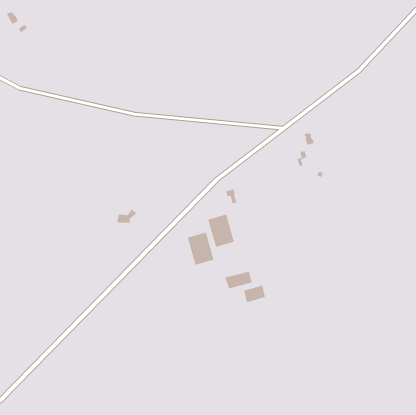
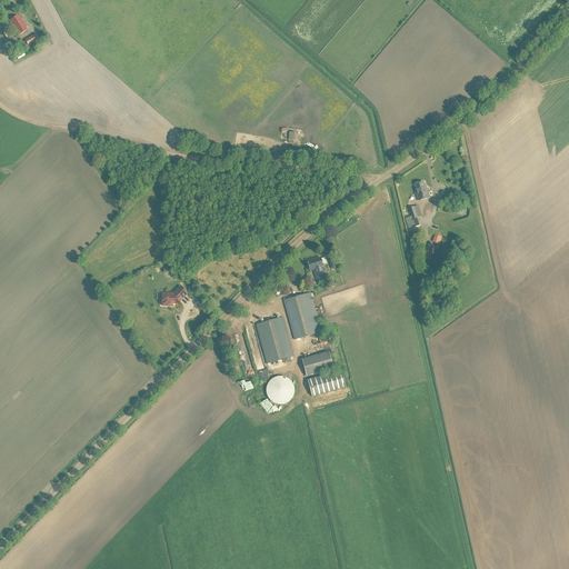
building: none -> [266,376,293,403]
building: [243,284,266,303] -> [301,350,332,376]

